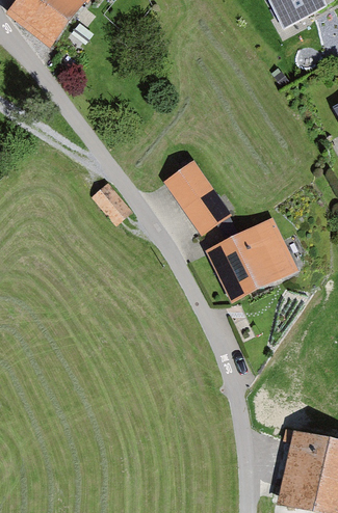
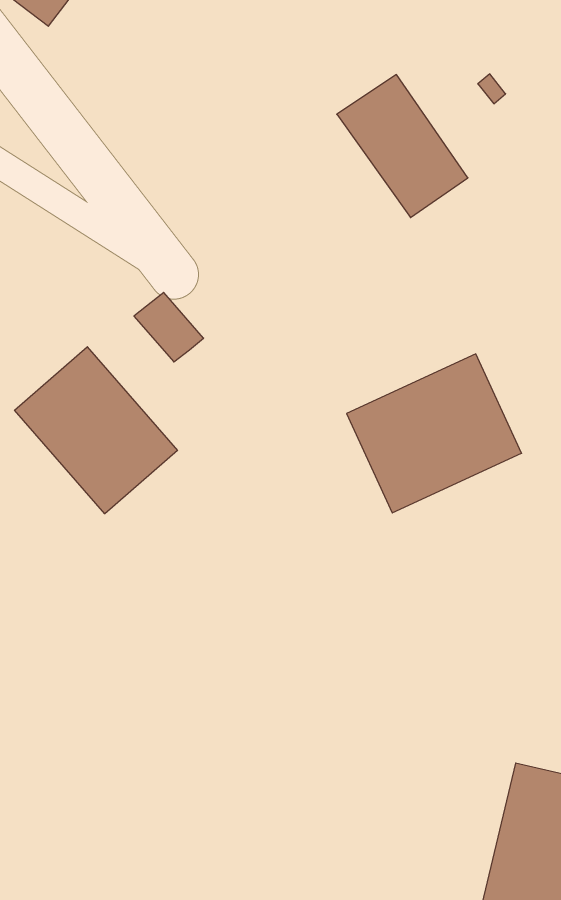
building: [162,160,231,235] -> [337,75,468,218]
building: none -> [15,347,177,514]

